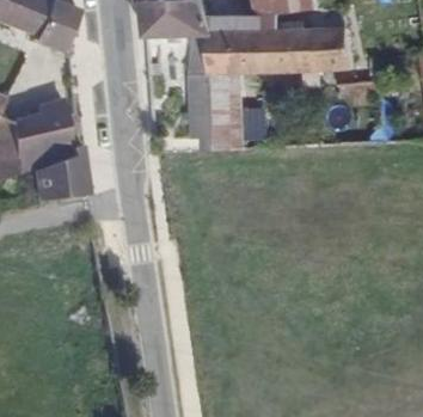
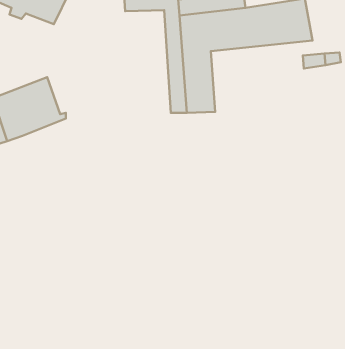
building: [29,154,81,198] -> none

